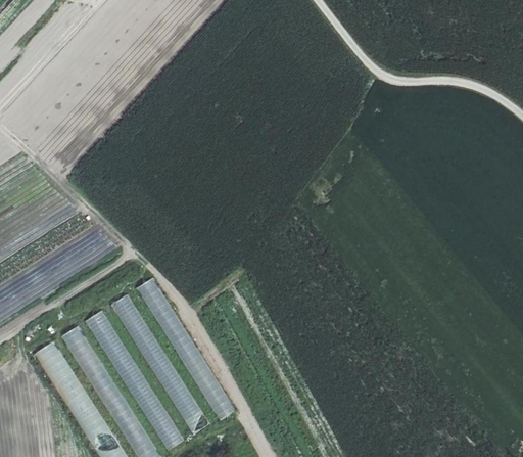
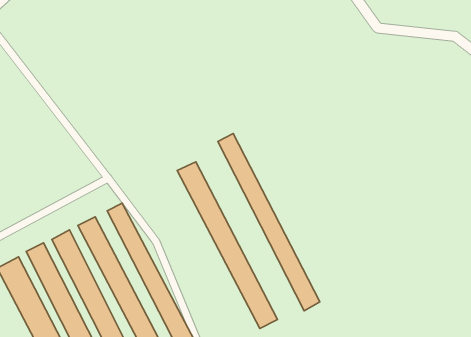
building: none -> [218,134,320,311]
building: none -> [177,162,277,329]

